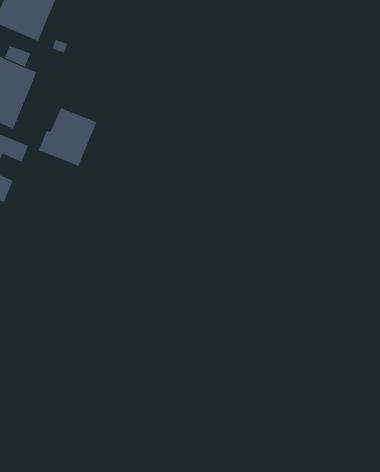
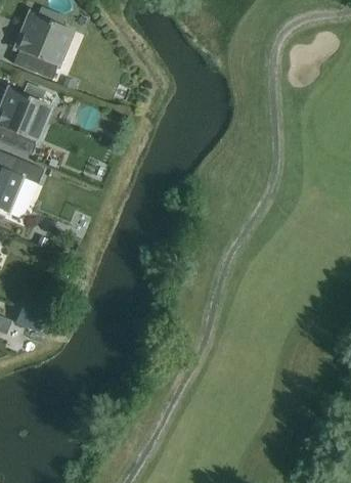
building: [38,107,97,167] -> none

